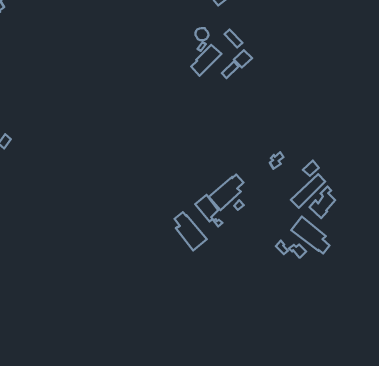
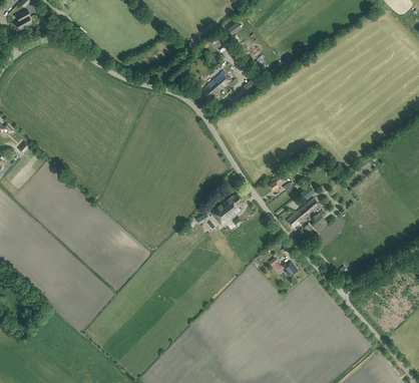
building: [175,212,207,250] -> none
building: [291,217,330,254] -> none

